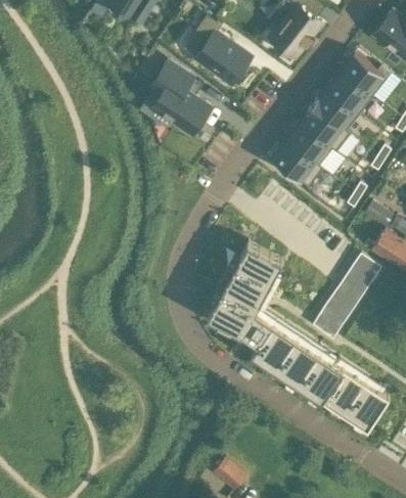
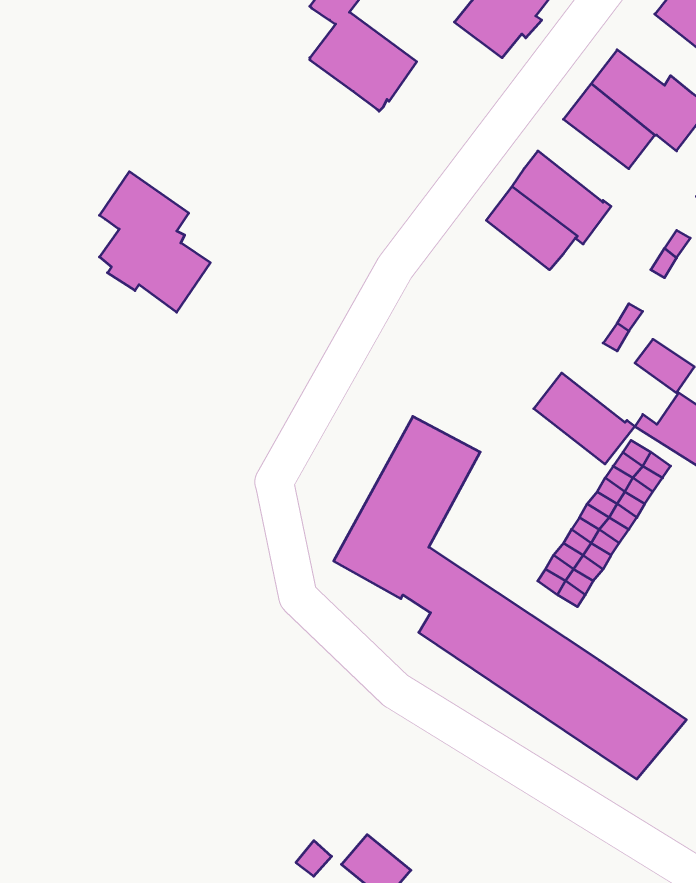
building: [152,60,210,133] -> [99,172,210,312]
building: [313,87,360,130] -> none
building: [272,139,324,186] -> [534,373,635,464]

